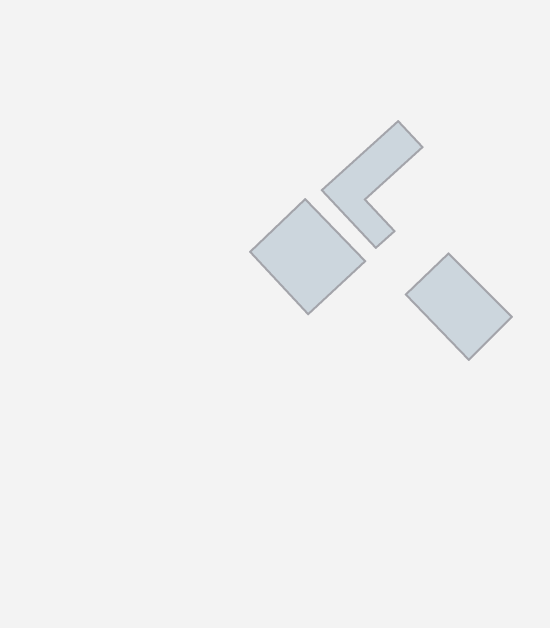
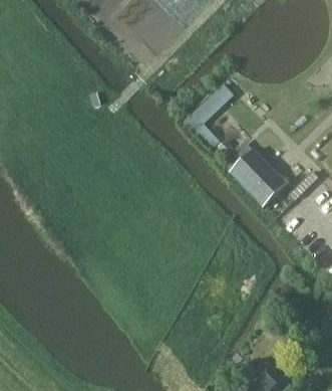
building: [250,199,365,314] -> none

